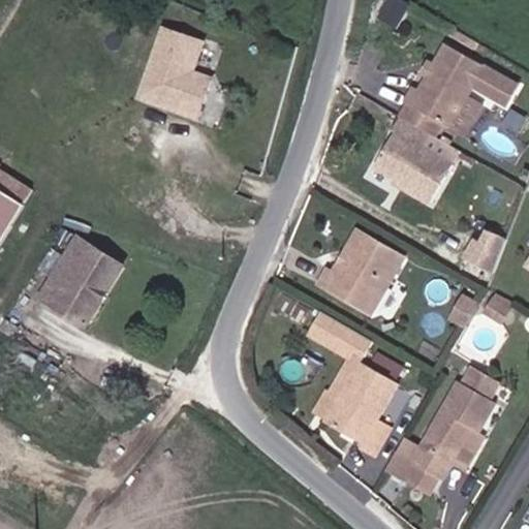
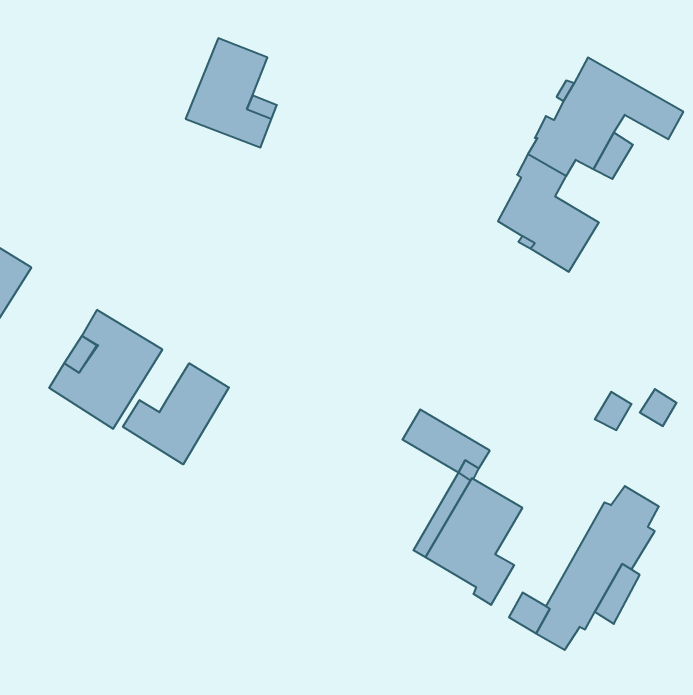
building: [316,230,402,316] -> none
building: [462,232,506,276] -> none
building: none -> [123,363,229,464]

